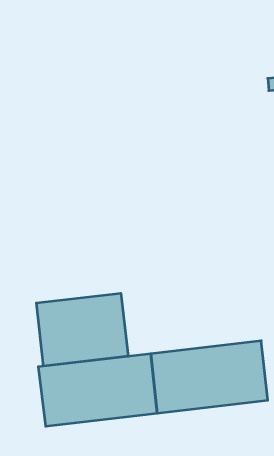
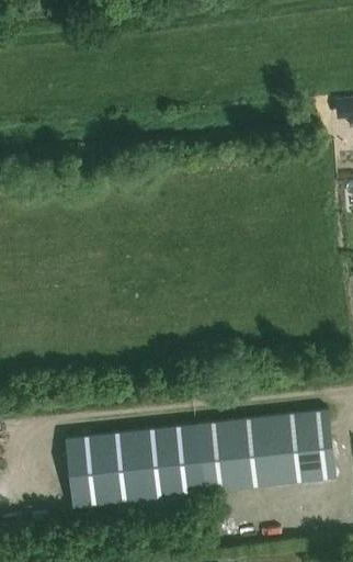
building: [36,293,128,366] -> none

